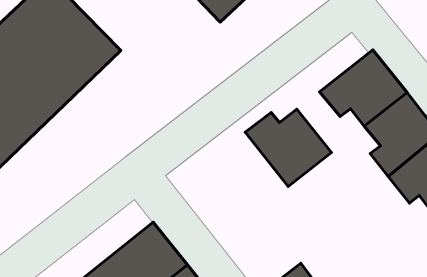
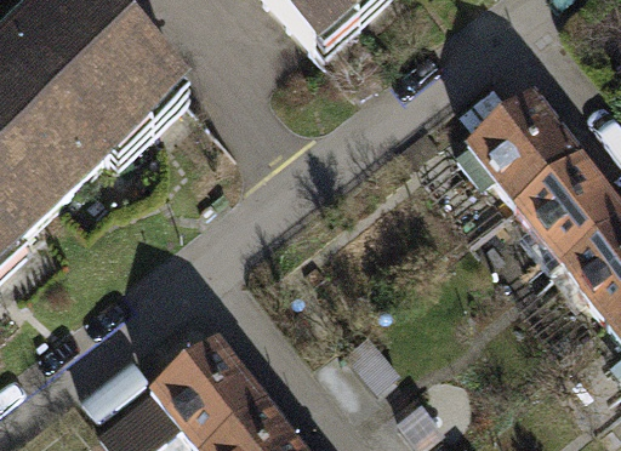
building: [245,109,332,186] -> none

